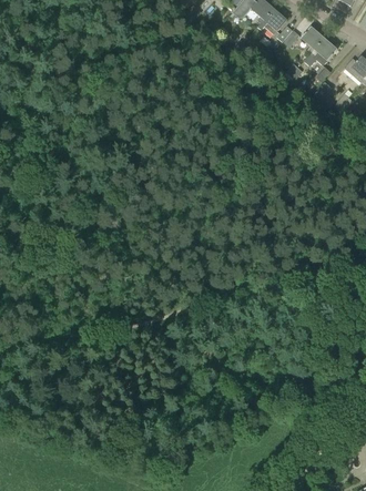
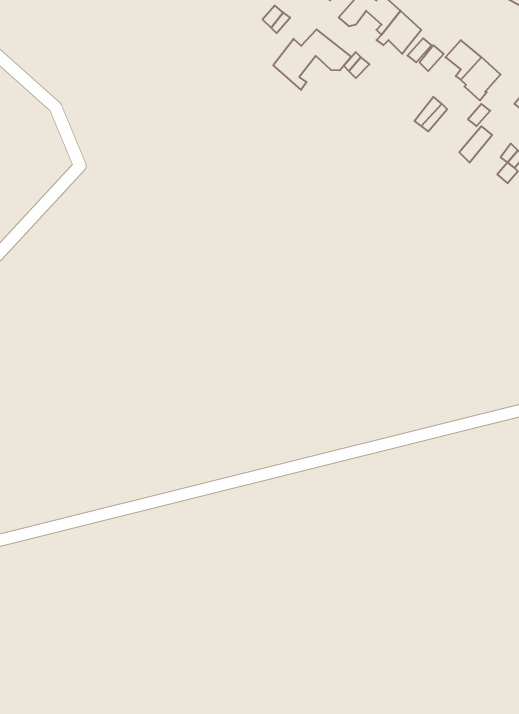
building: none -> [273,29,351,90]

